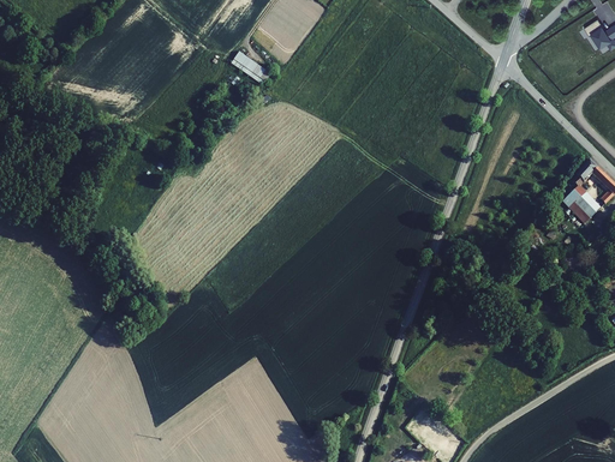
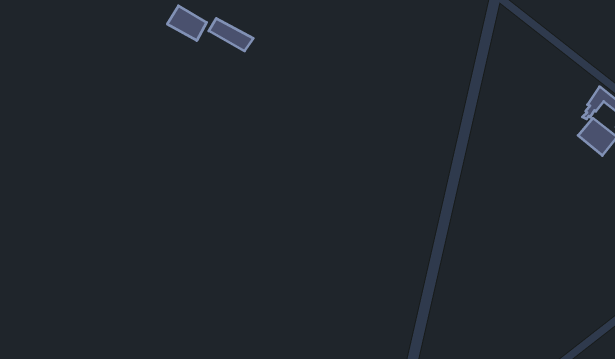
building: none -> [167,6,207,41]

